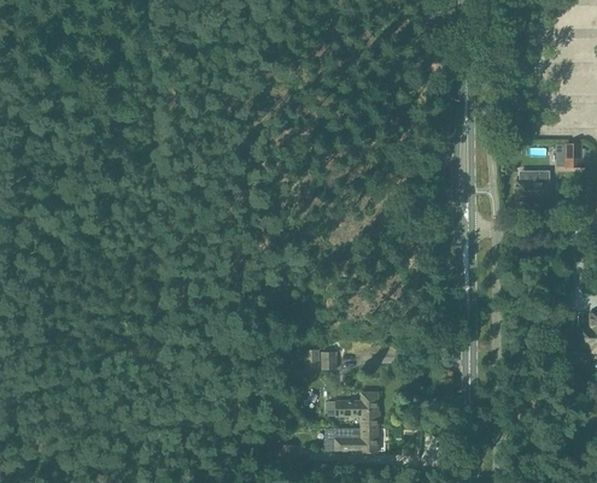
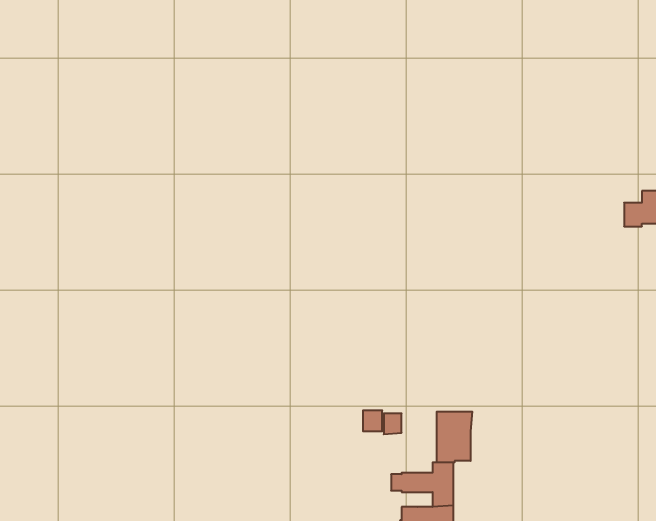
building: none -> [437,412,472,462]

